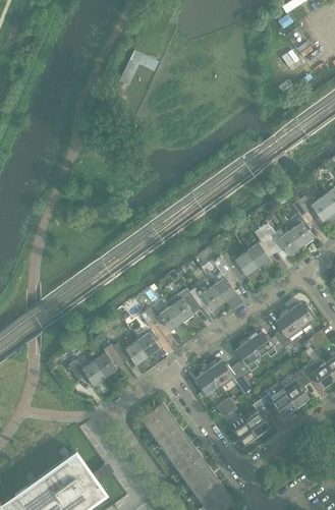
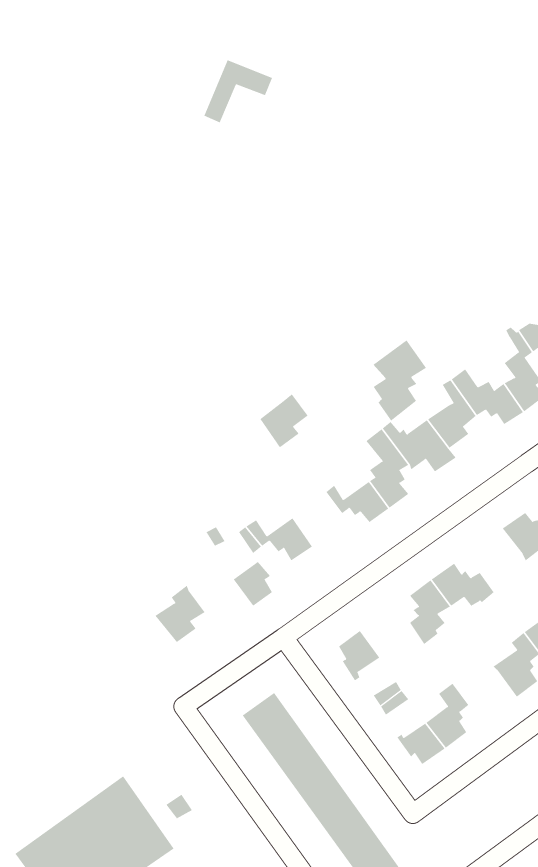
building: none -> [372,340,427,422]
building: [171,292,199,323] -> [259,394,308,448]
building: [276,313,299,353] -> none
building: [113,341,149,364] -> none
building: [69,360,106,386] -> none
building: [209,360,244,385] -> none
building: [261,392,297,416] -> none

